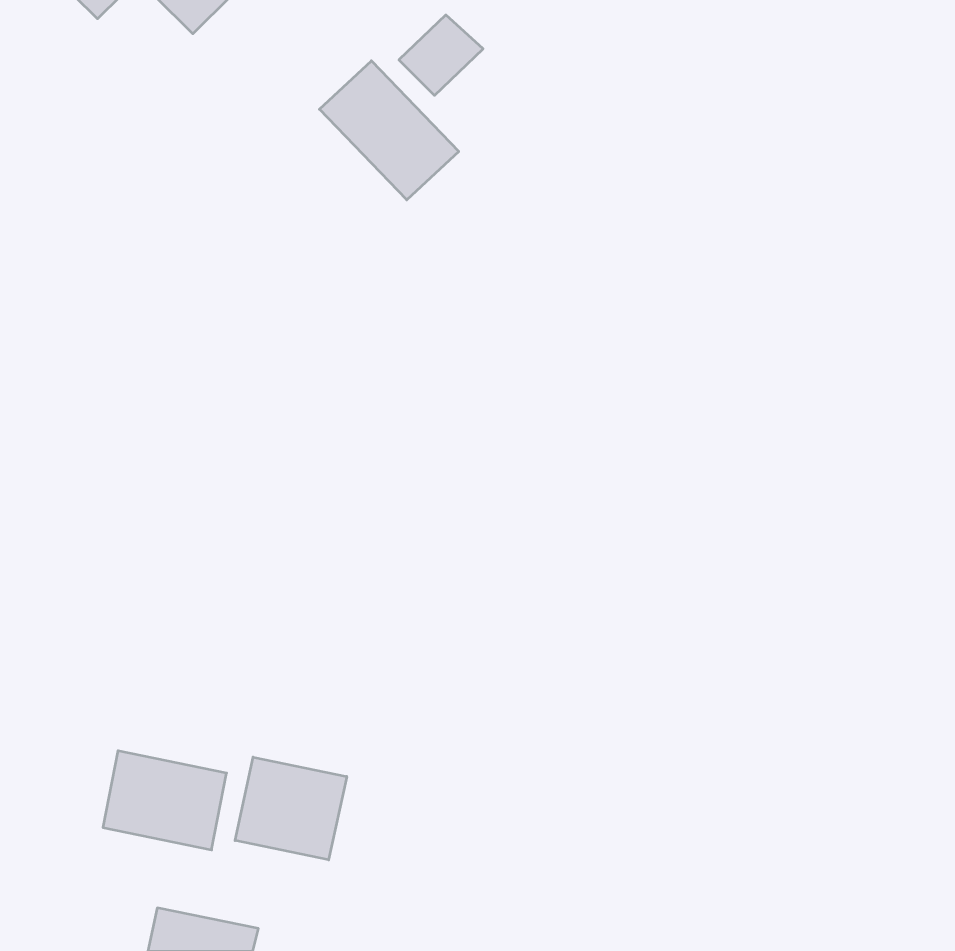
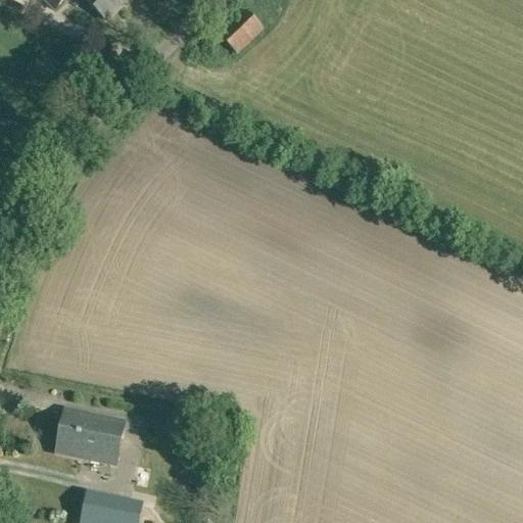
building: [319,61,459,200] -> none
building: [235,757,347,860] -> none

